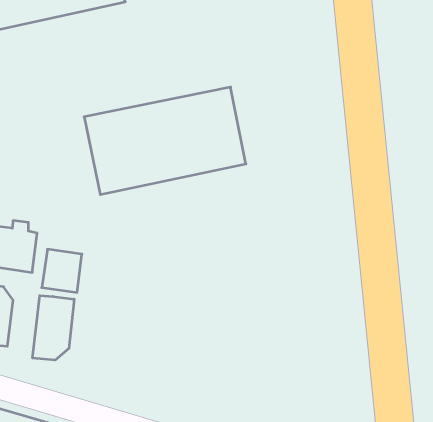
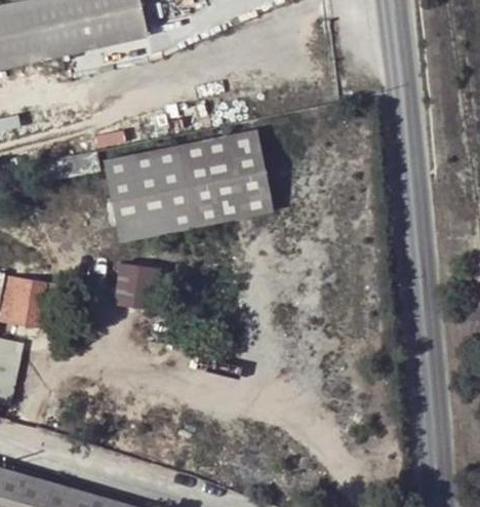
building: [42,249,82,292] -> [112,263,155,309]
building: [33,296,74,360] -> none

